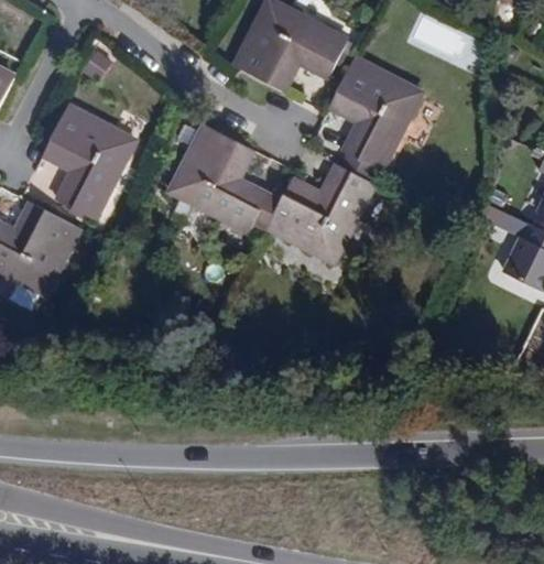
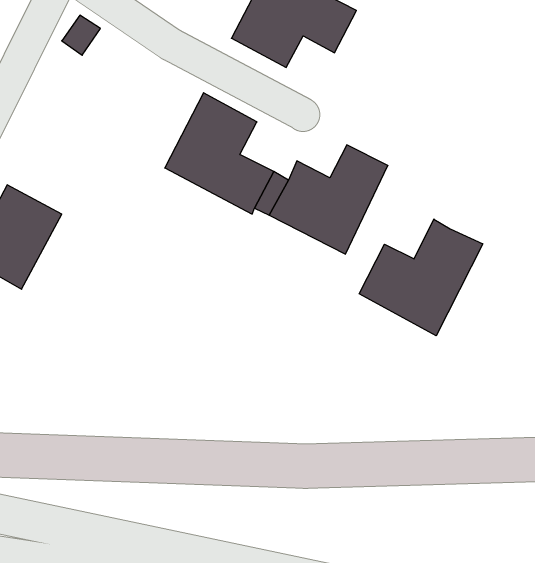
building: [330,54,423,183] -> none
building: [39,102,132,218] -> none
building: none -> [359,219,483,336]

